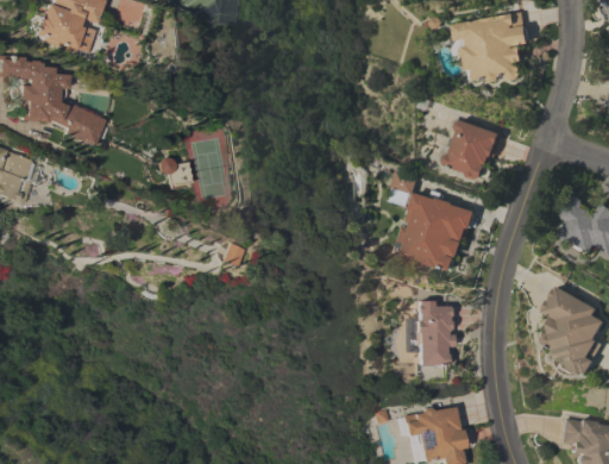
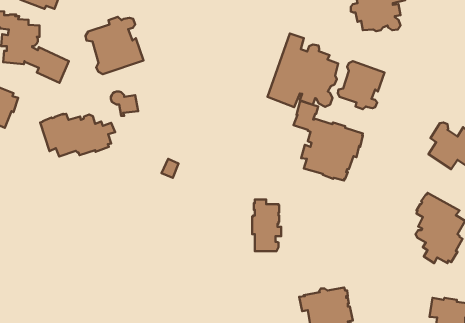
building: none -> [86,17,143,74]
building: none -> [267,34,338,107]
building: none -> [40,114,115,156]
building: [414,300,451,365] -> [252,199,281,251]

